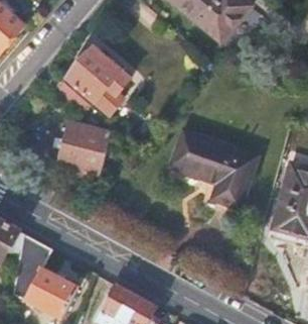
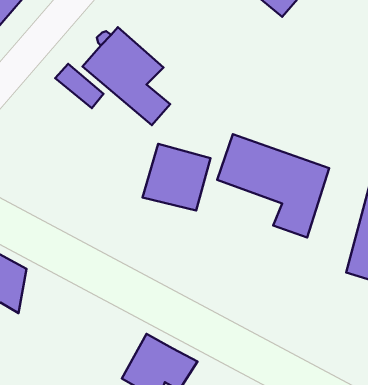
building: [57,121,110,173] -> [143,144,210,210]
building: [14,233,78,318] -> none

